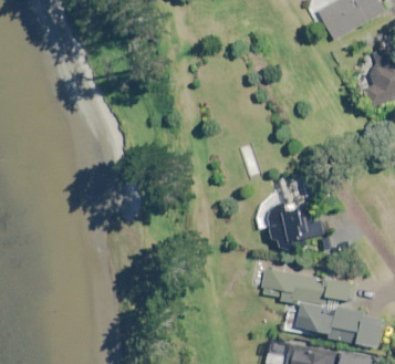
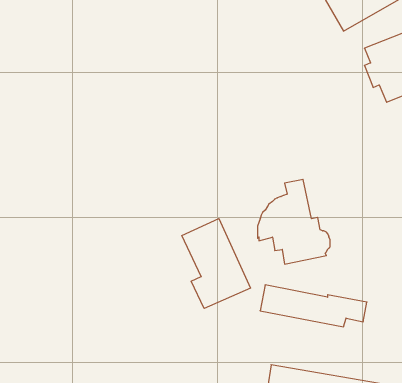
building: none -> [182,219,251,308]
building: [297,302,382,347] -> none

